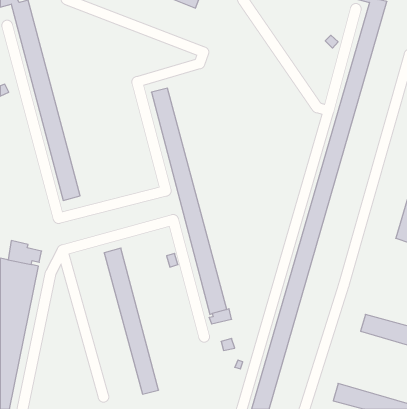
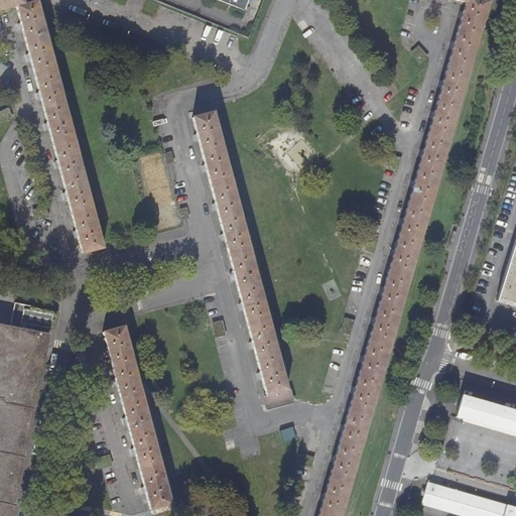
building: [104,248,159,394] -> [104,325,172,508]

